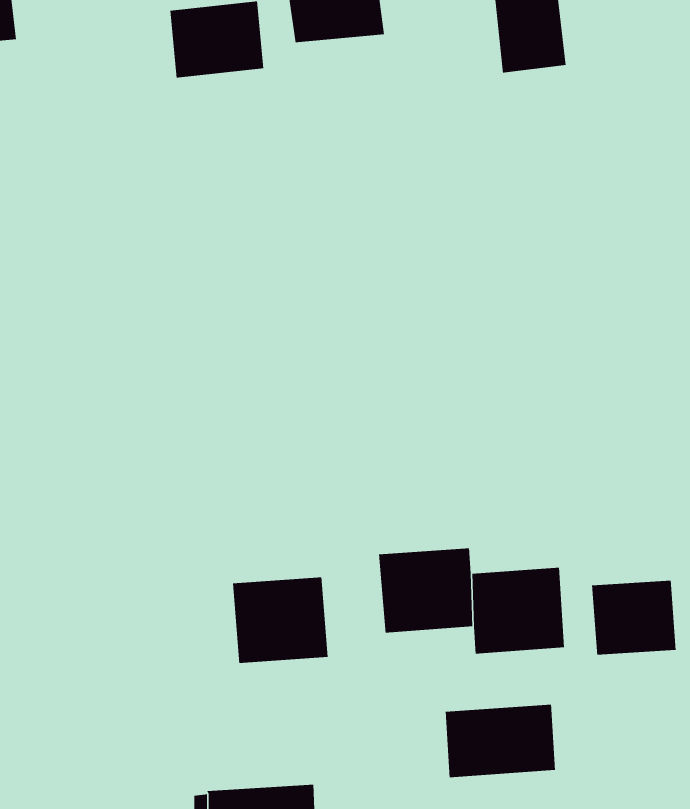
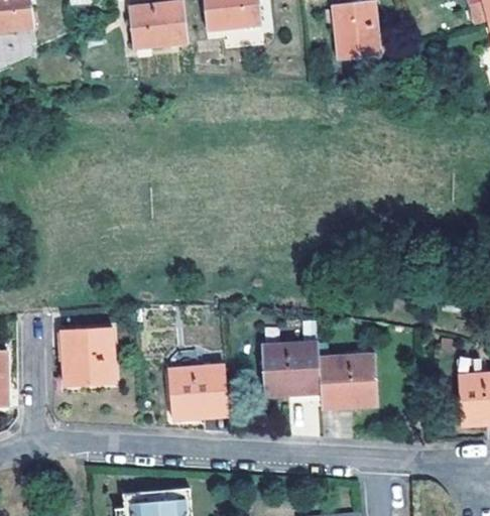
building: none -> [59,320,113,378]
building: [592,580,676,656] -> none
building: [445,704,555,778] -> none

